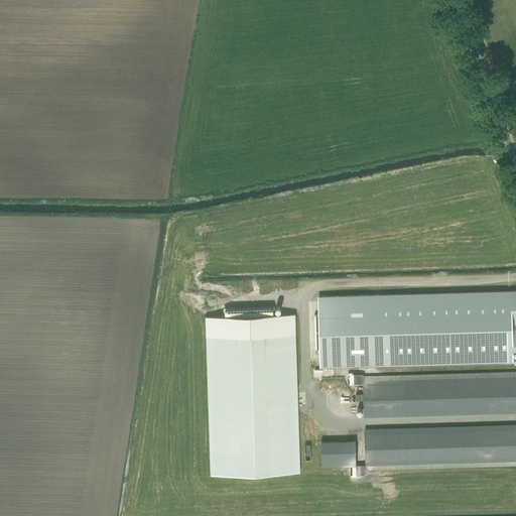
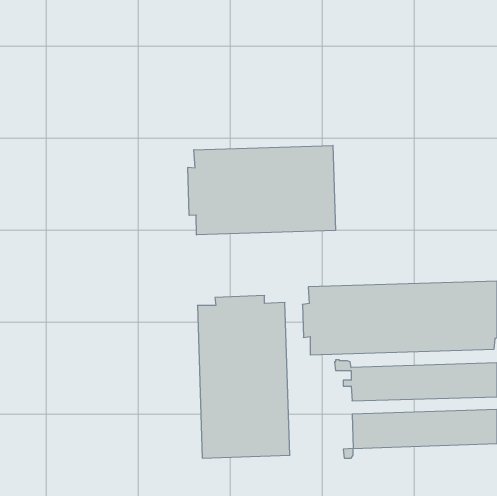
building: none -> [188,145,335,235]
building: [320,441,356,468] -> none

